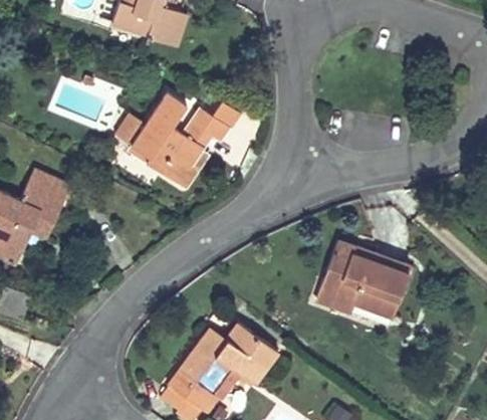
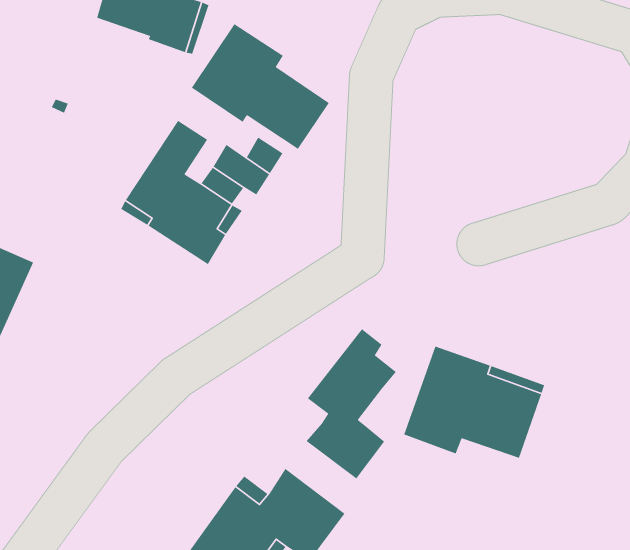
building: none -> [191,23,330,150]
building: none -> [306,328,397,479]

